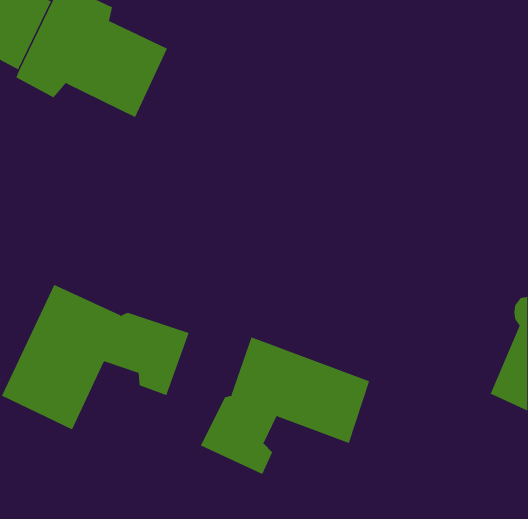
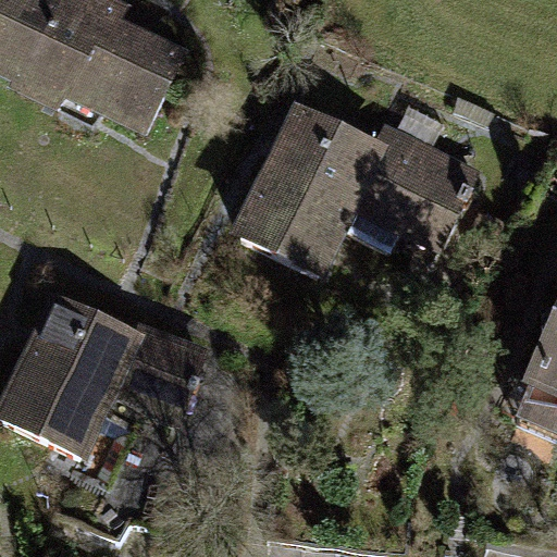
building: none -> [239,107,471,271]
building: [200,337,370,475] -> none

